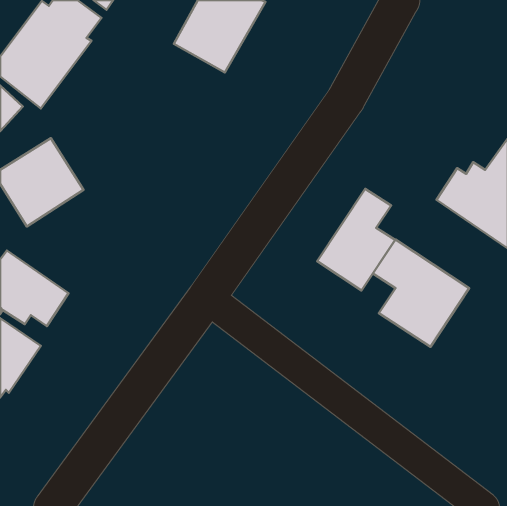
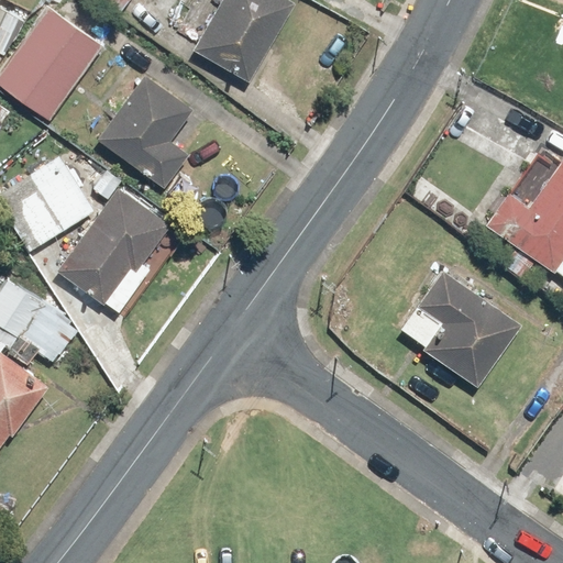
building: none -> [93,74,191,188]
building: none -> [57,188,165,308]
building: [317,189,395,290] -> none

